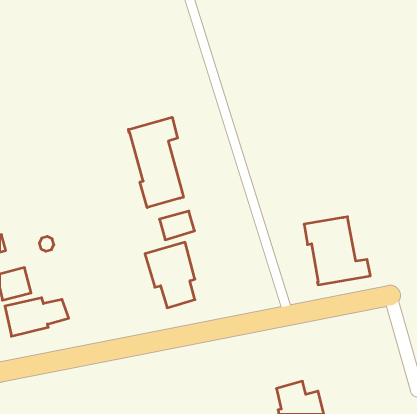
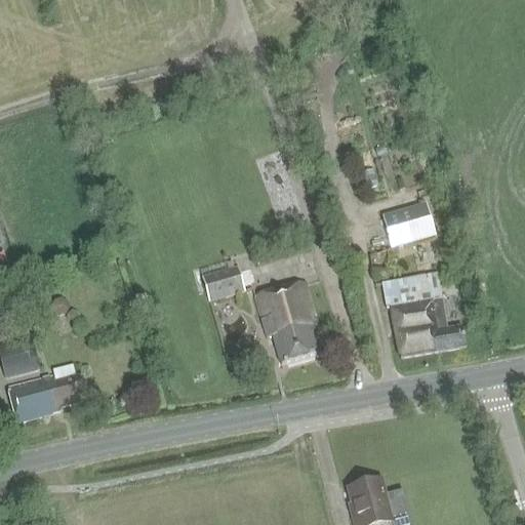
building: [128,117,183,208] -> none
building: none -> [383,198,438,245]
building: [145,242,195,308] -> [252,280,315,362]

